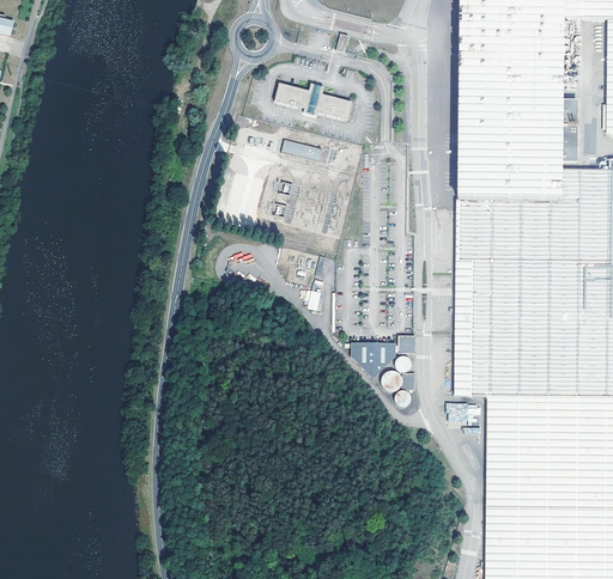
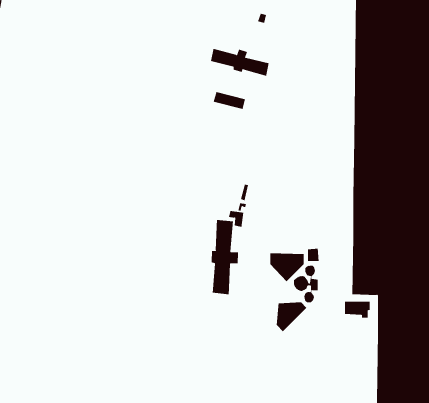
building: none -> [211,219,239,295]
building: none -> [276,301,307,332]

